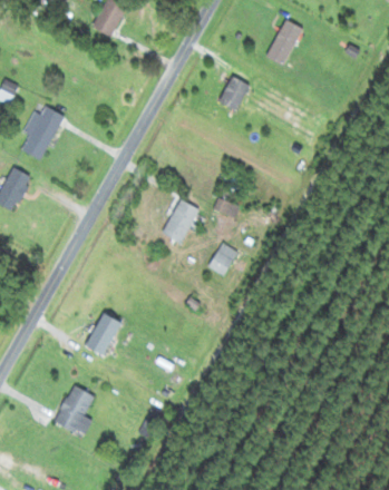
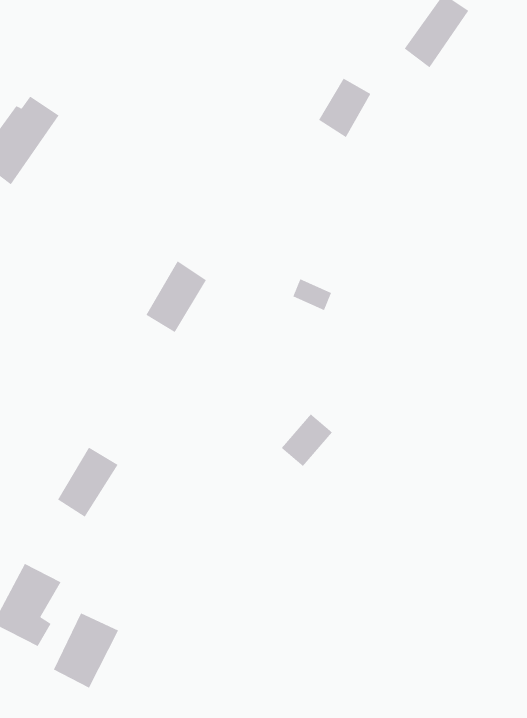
building: [164,198,198,242] -> [145,260,207,333]
building: [208,243,239,275] -> [281,414,333,467]
building: none -> [53,612,119,688]

